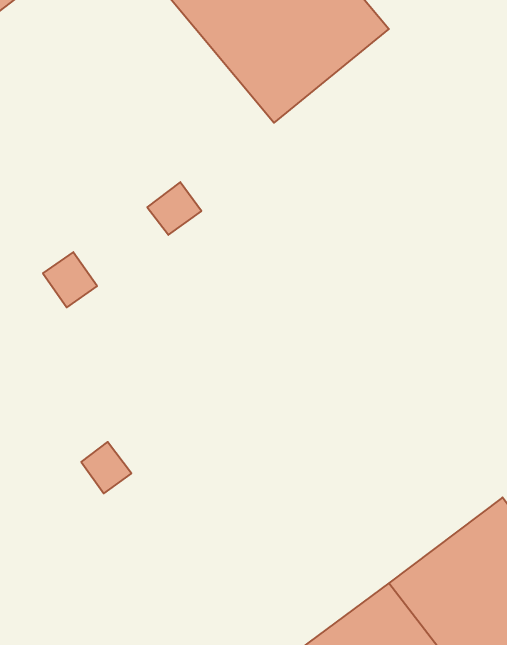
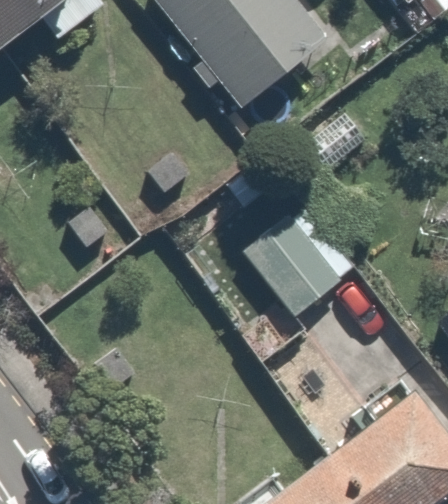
building: none -> [242,206,351,315]

